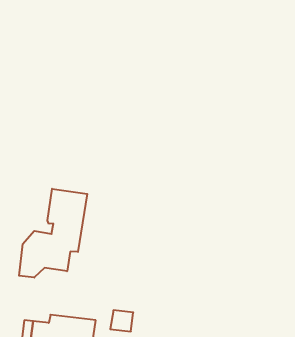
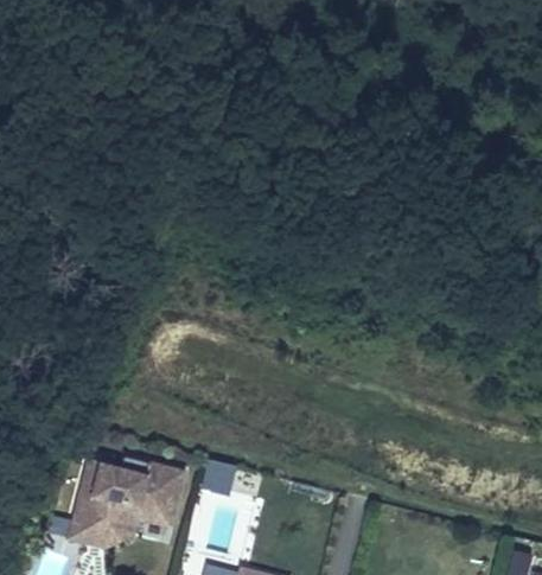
building: [19,189,87,278] -> none

